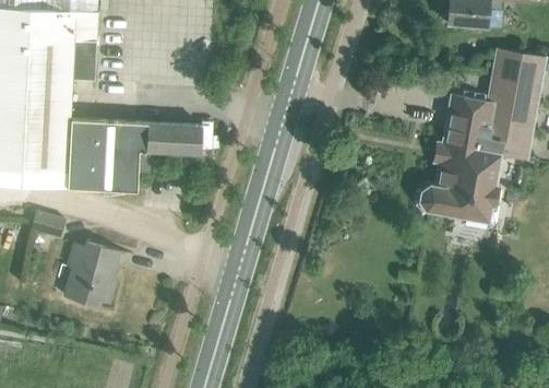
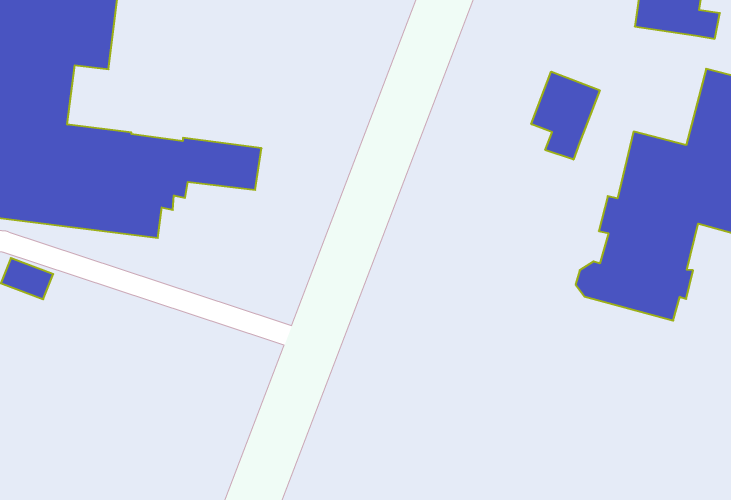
building: none -> [531,72,600,160]
building: [62,242,119,306] -> none

